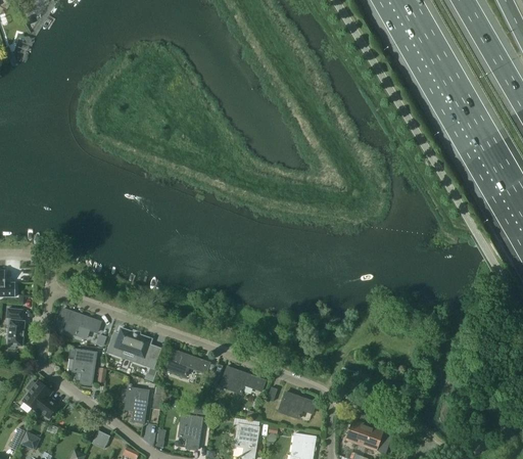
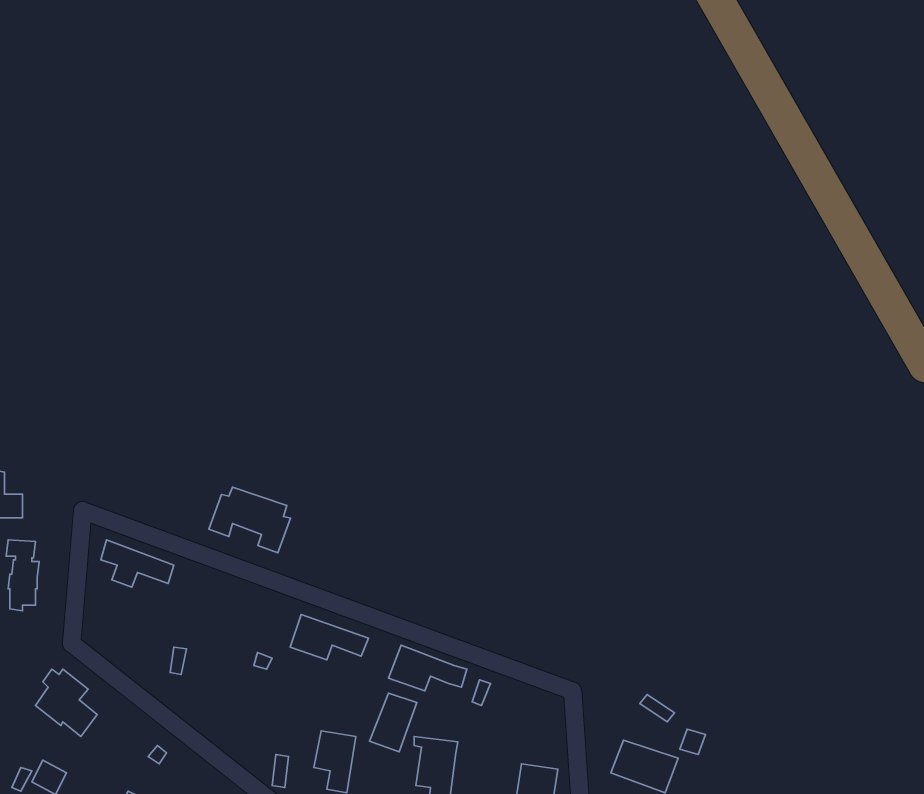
building: [107,328,153,365] -> [209,487,291,553]
building: [74,349,97,384] -> none
building: [126,387,149,422] -> none
building: [279,392,316,418] -> none
building: none -> [370,693,417,752]

